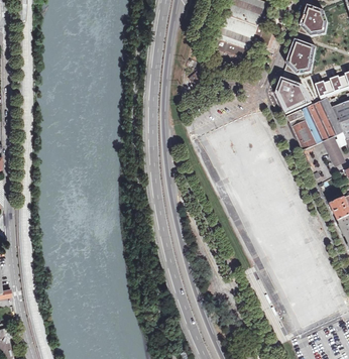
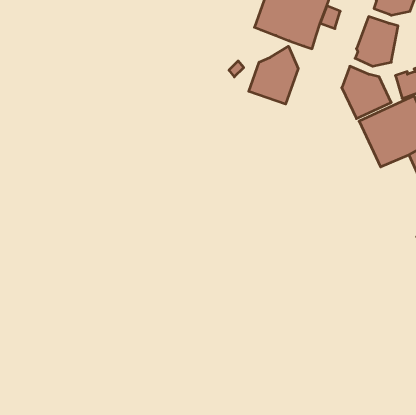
building: none -> [249,46,298,104]

